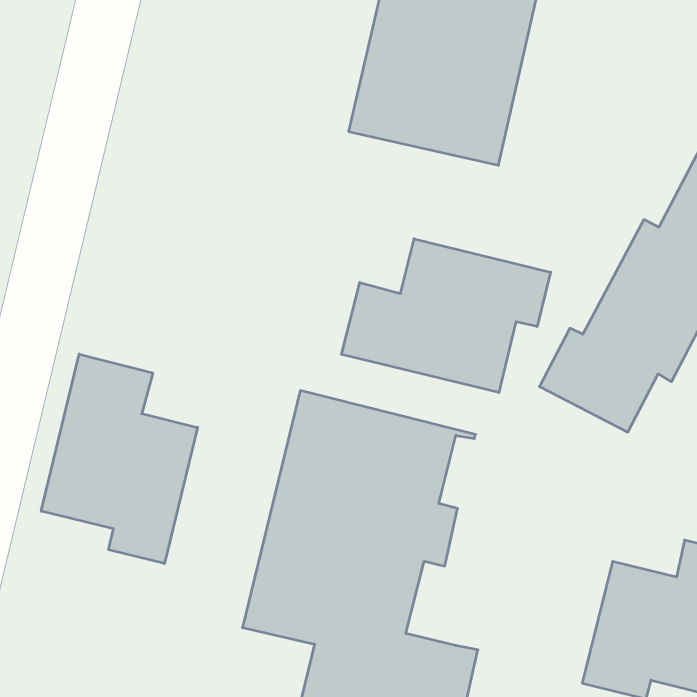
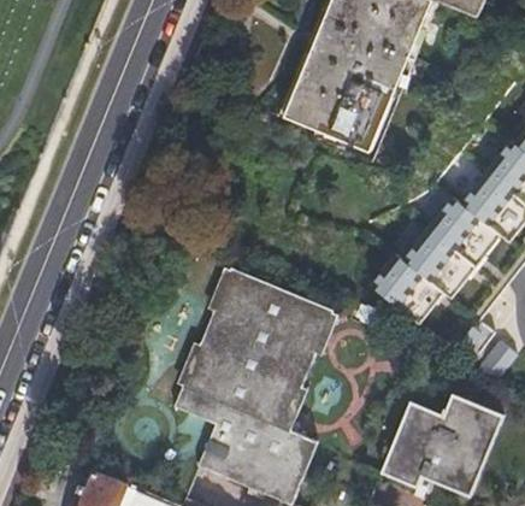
building: [341,239,551,393] -> none
building: [41,354,198,564] -> none

